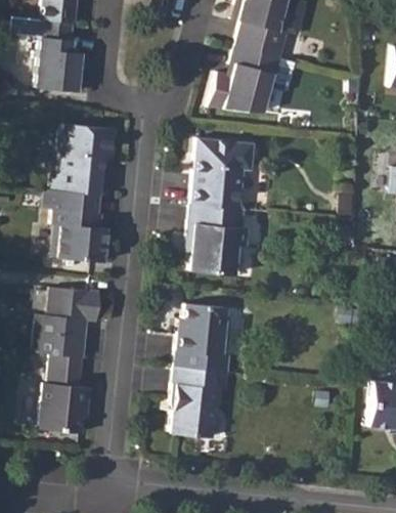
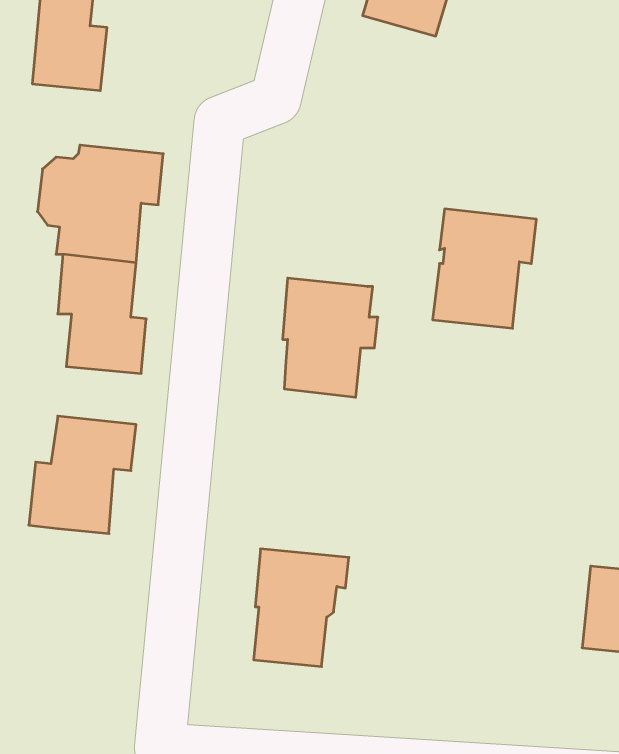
building: [208,46,279,117] -> none
building: [190,137,253,209] -> [433,209,536,328]
building: [174,304,229,372] -> none
building: [40,354,90,433] -> none

